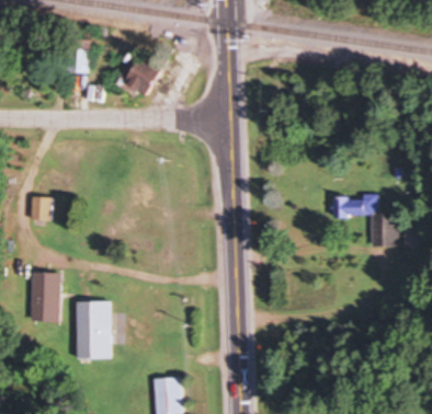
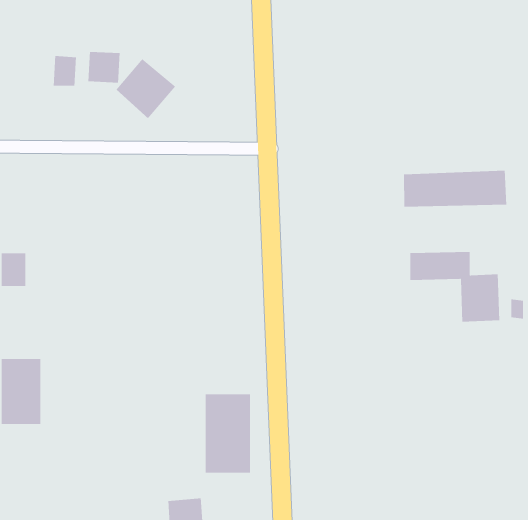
building: none -> [88,51,120,83]
building: none -> [403,170,507,208]
building: [77,301,111,360] -> [205,393,251,474]

